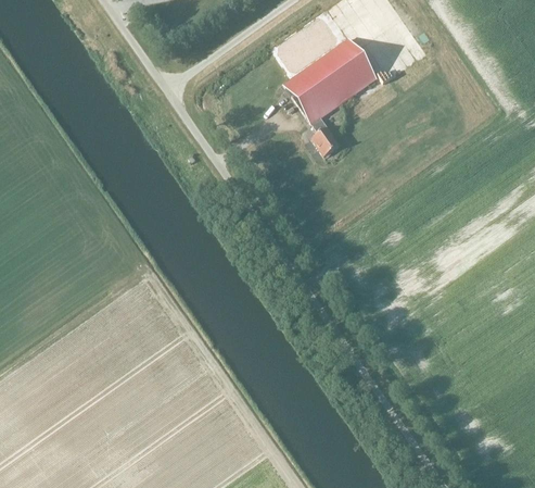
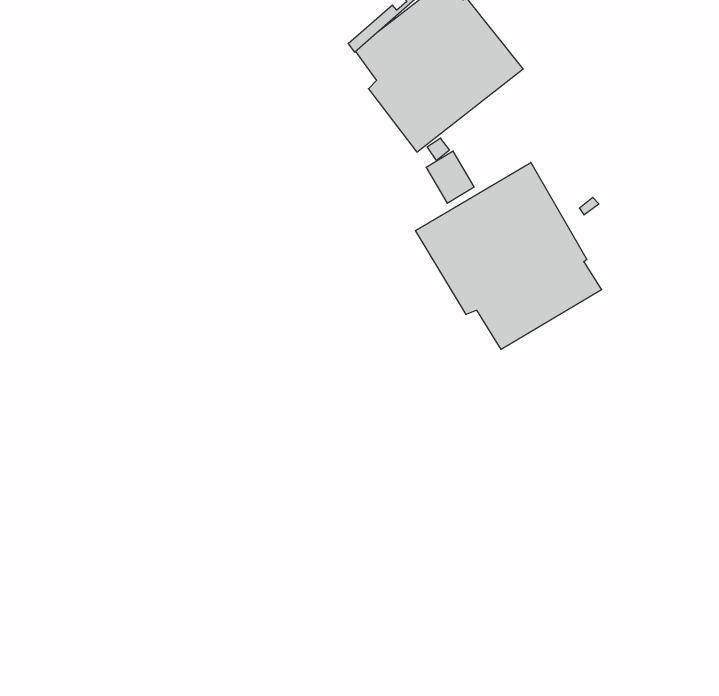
building: none -> [416,162,601,349]

